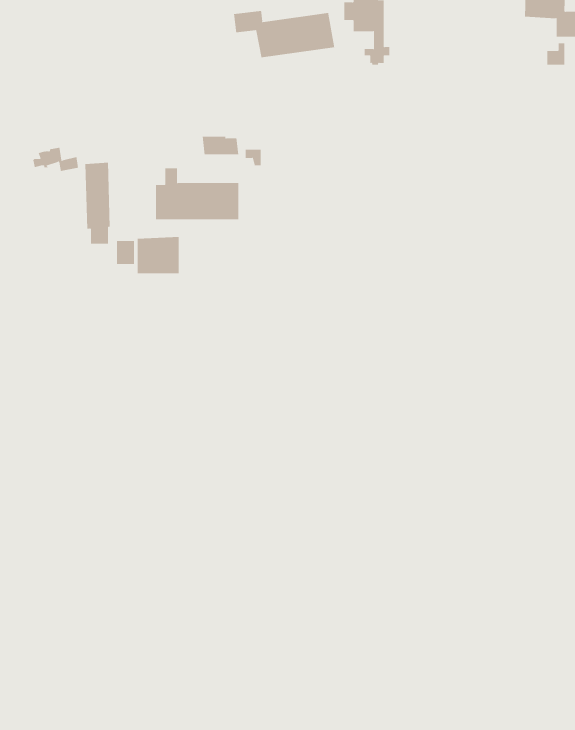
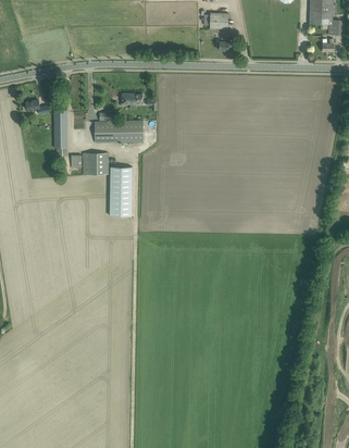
building: [233,10,335,58] -> none
building: none -> [109,163,134,216]

